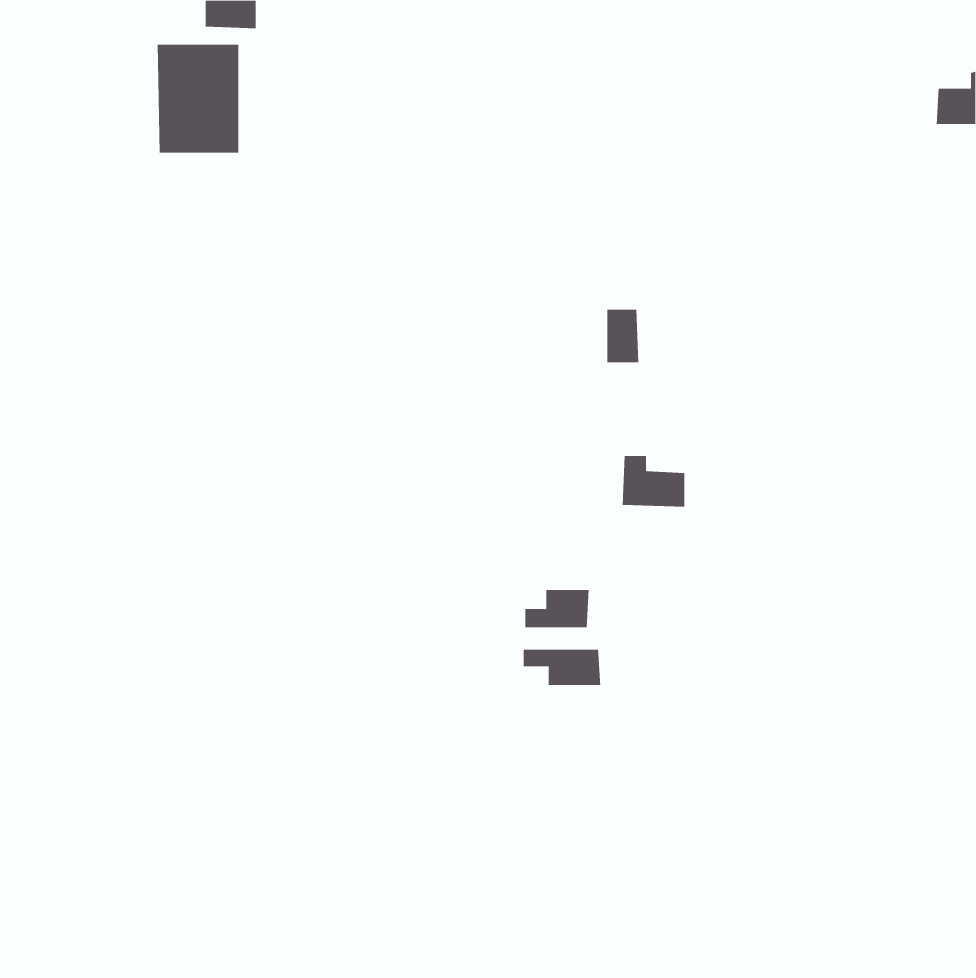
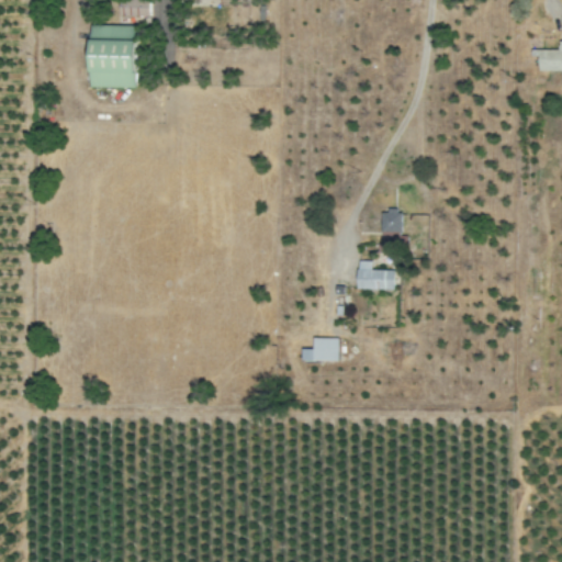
building: [606,309,639,363] -> [382,211,401,241]
building: [523,649,601,686] -> none

